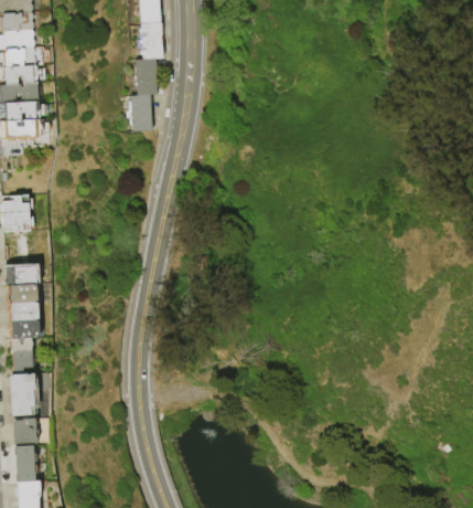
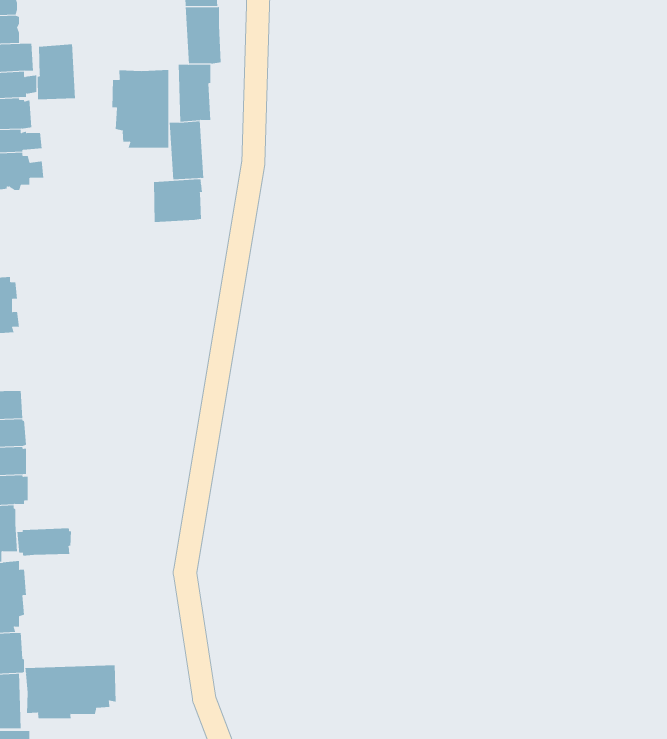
building: none -> [37,43,75,100]
building: none -> [112,69,169,148]
building: none -> [153,178,203,223]
building: none -> [17,527,71,556]
building: none -> [25,665,116,719]

